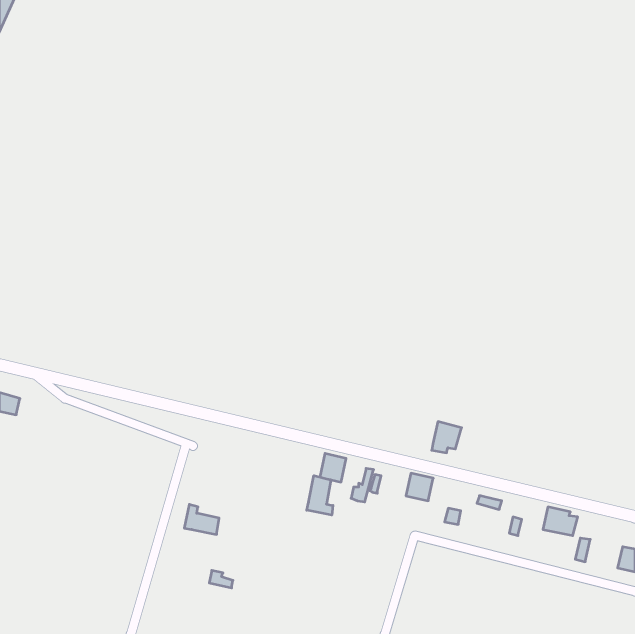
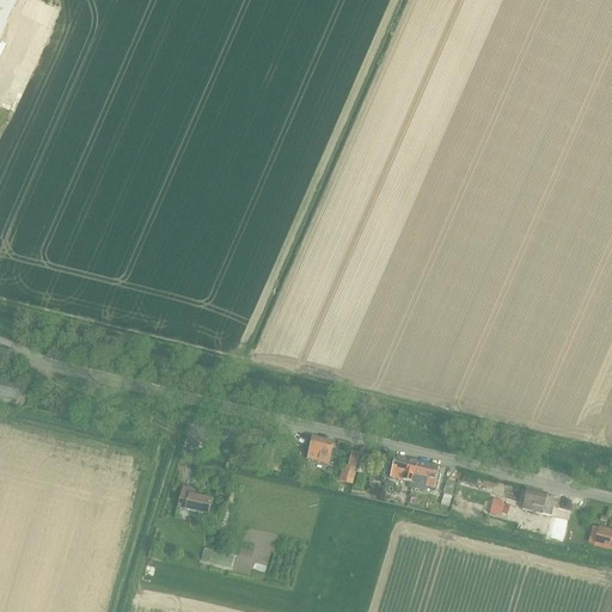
building: [432,422,462,453] -> [410,459,439,489]
building: [307,476,333,515] -> none

